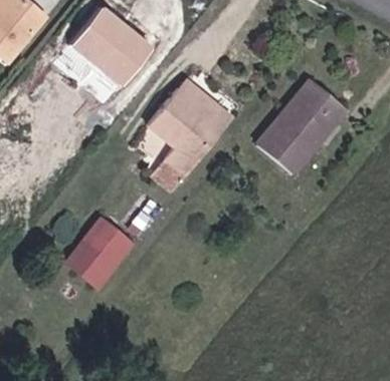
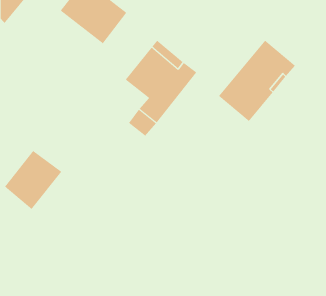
building: [69,218,137,287] -> [4,150,62,210]

